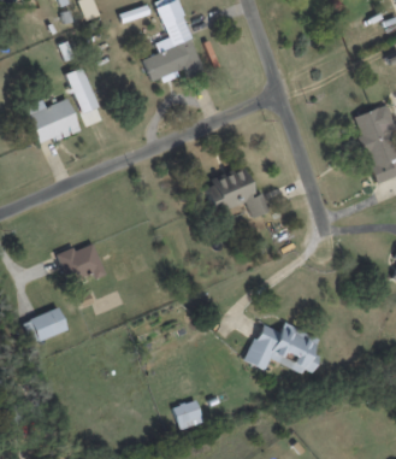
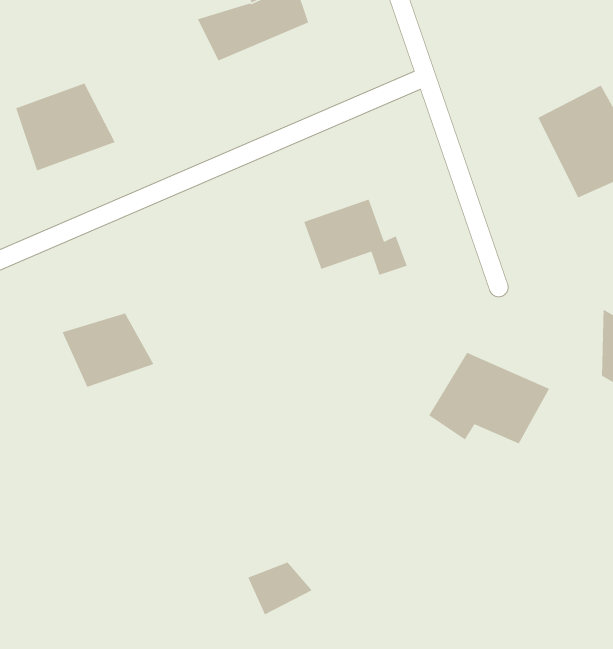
building: [60,63,104,117] -> none
building: [22,306,69,340] -> none
building: [242,318,318,376] -> [428,352,550,444]

